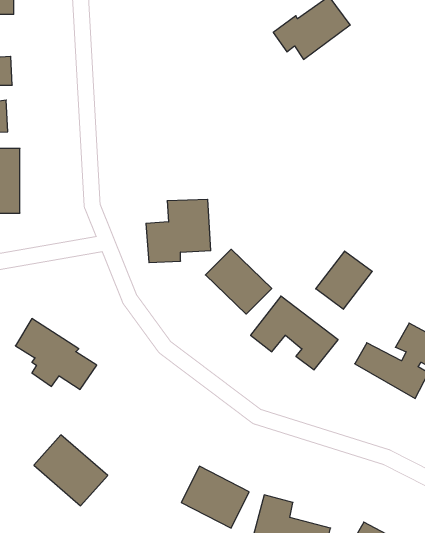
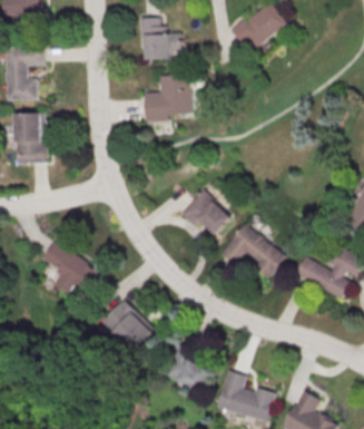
building: none -> [139,17,180,59]
building: [146,199,211,263] -> [142,75,190,121]
building: [316,251,372,309] -> none
building: [34,435,108,506] -> [101,299,156,351]

